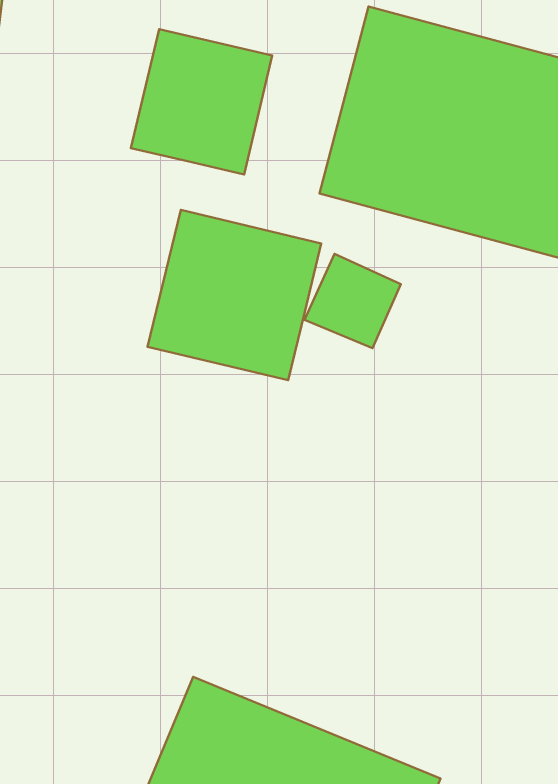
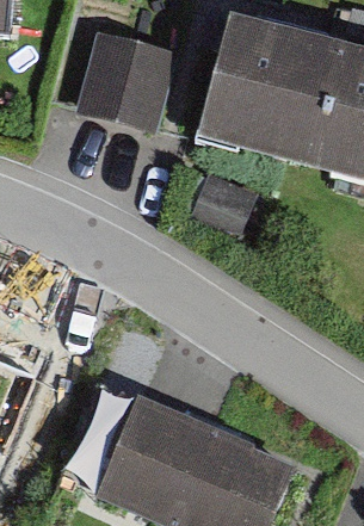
building: [148,210,321,380] -> none

